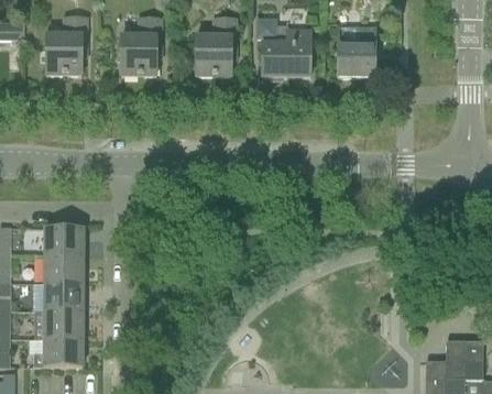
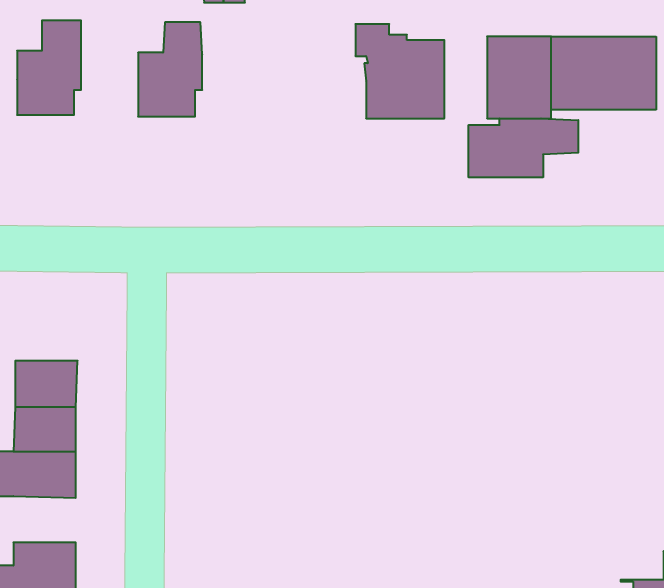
building: [196,17,236,76] -> none
building: none -> [551,37,656,110]
building: none -> [469,118,578,177]
building: [44,310,83,339] -> none

